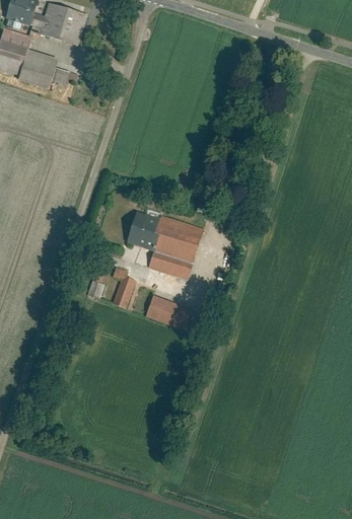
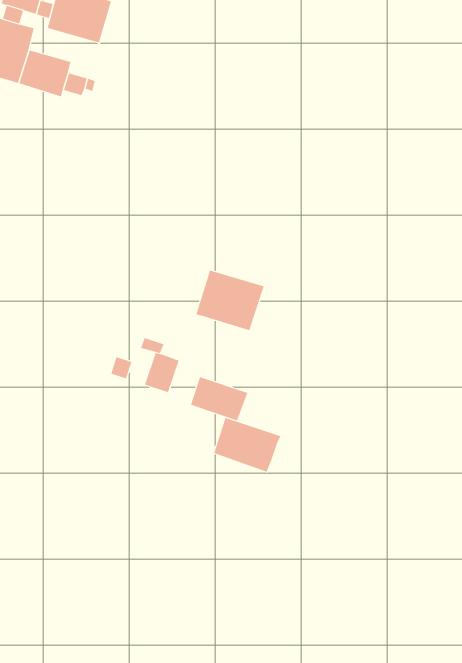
building: [126,212,159,248] -> none
building: [149,249,191,278] -> none
building: none -> [213,417,281,472]

